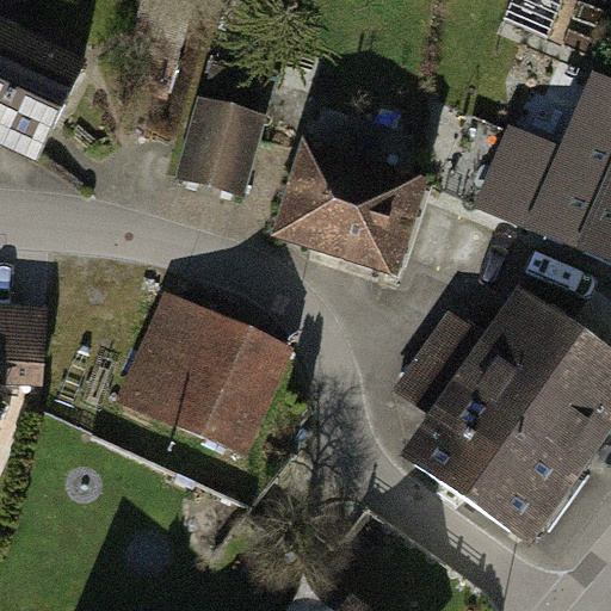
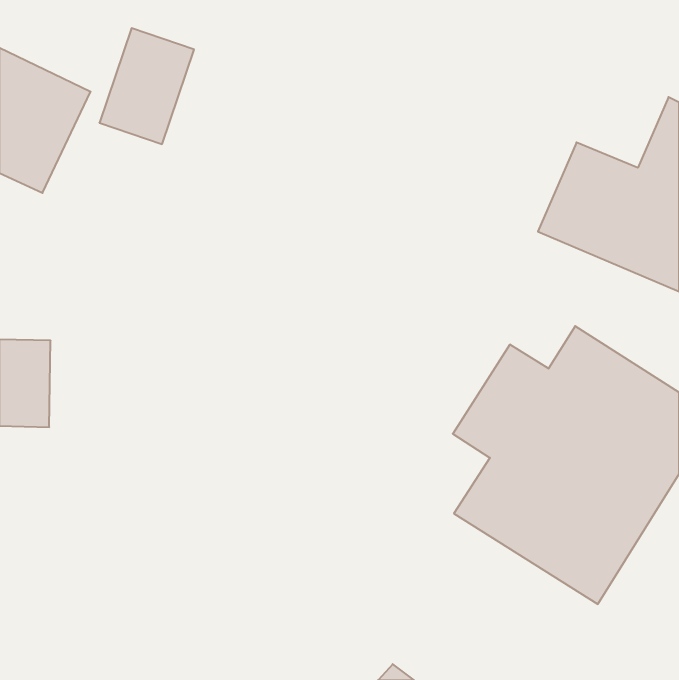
building: [180,97,265,200] -> [99,28,194,144]
building: [271,137,428,280] -> none
building: [129,291,285,444] -> none

